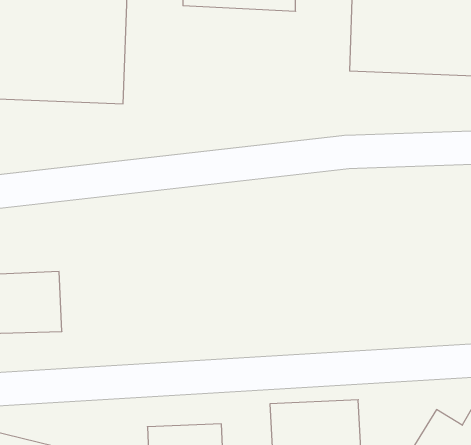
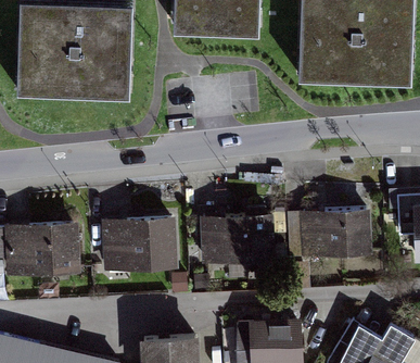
building: none -> [301,212,377,260]
building: none -> [201,216,277,264]
building: none -> [103,220,179,268]

